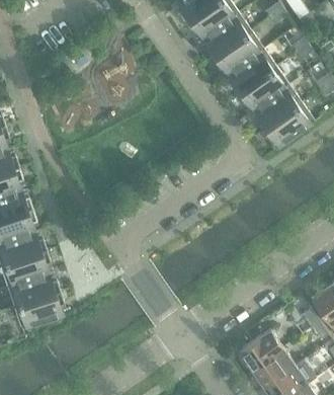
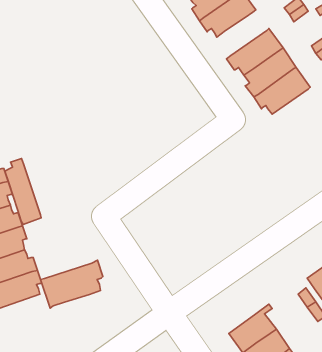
building: [227,49,275,94] -> none
building: none -> [5,159,41,224]
building: none -> [41,260,103,308]

